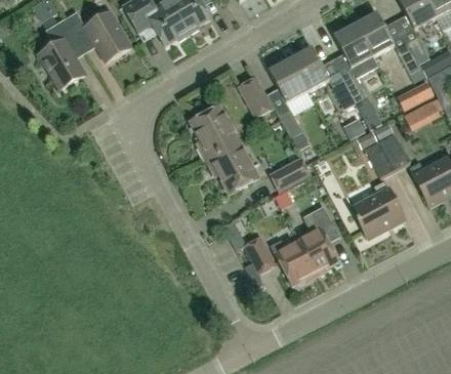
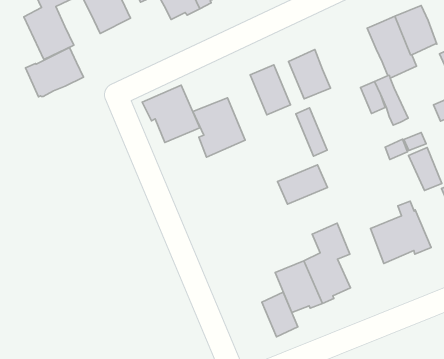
building: [290,47,329,90] -> none
building: none -> [25,47,83,97]
building: [206,141,257,192] -> [142,85,200,143]
building: [364,141,395,178] -> none
building: [243,235,276,274] -> [262,292,298,337]

